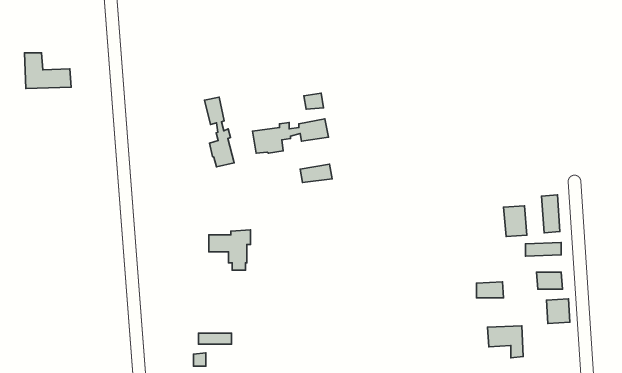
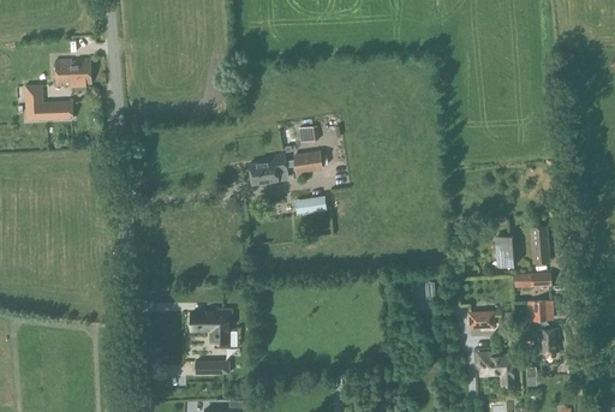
building: none -> [56,58,91,85]
building: [204,97,234,167] -> none
building: [209,230,250,270] -> [192,306,233,346]

